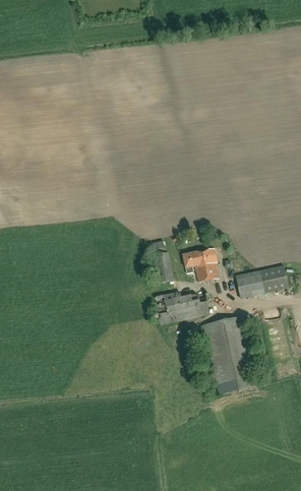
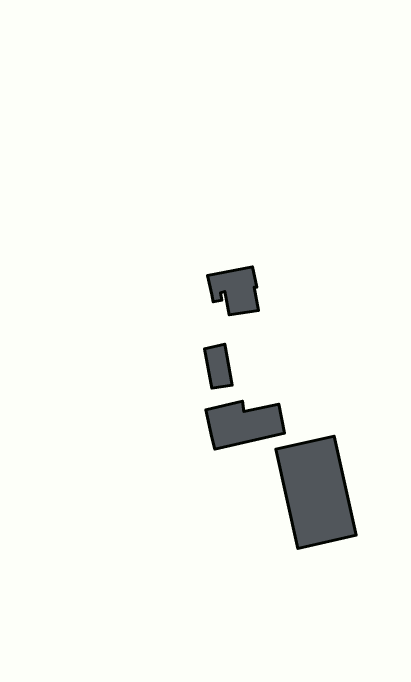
building: [182,248,218,282] -> [207,267,258,315]
building: [234,263,289,298] -> none

